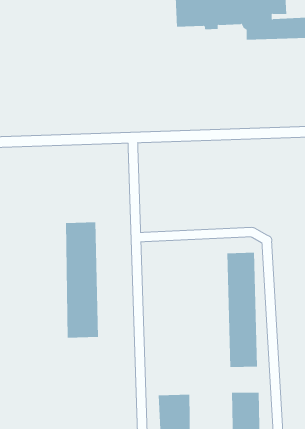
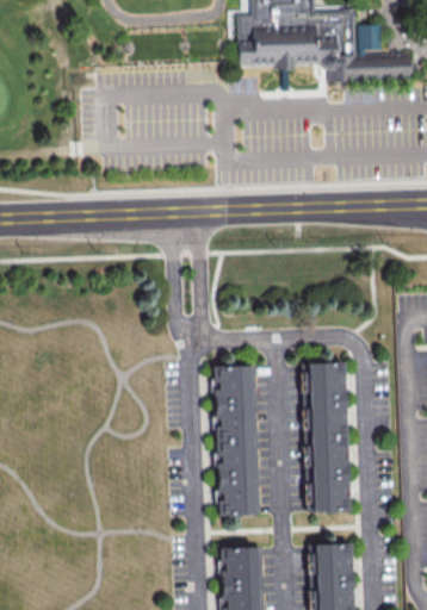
building: [65,222,99,338] -> [215,363,259,515]

